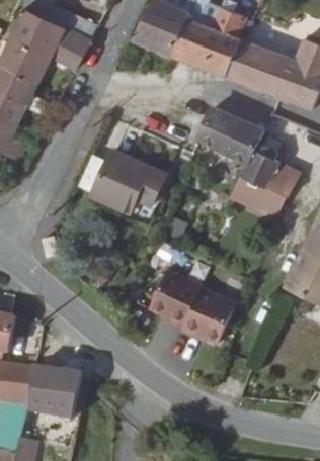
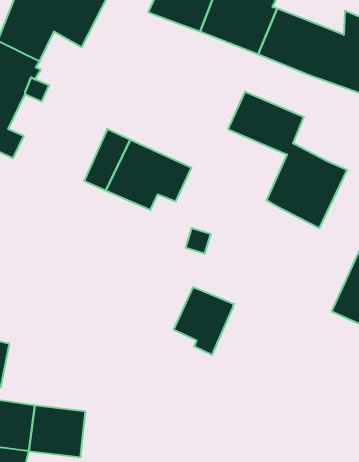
building: [181,287,236,342] -> none

